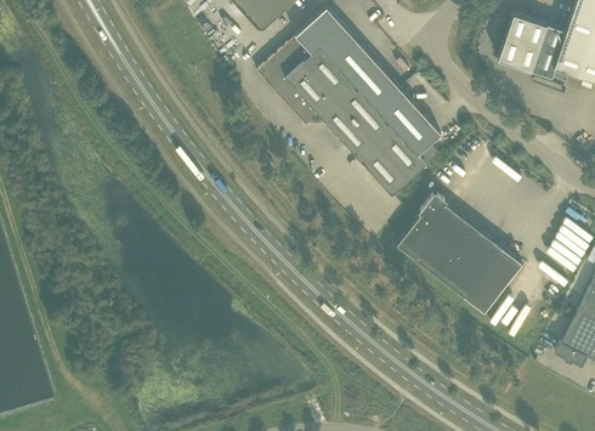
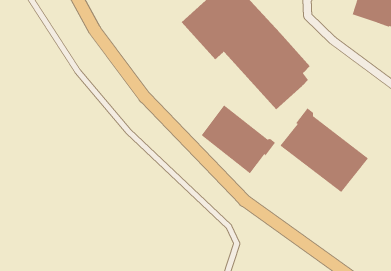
building: none -> [201,104,276,174]

